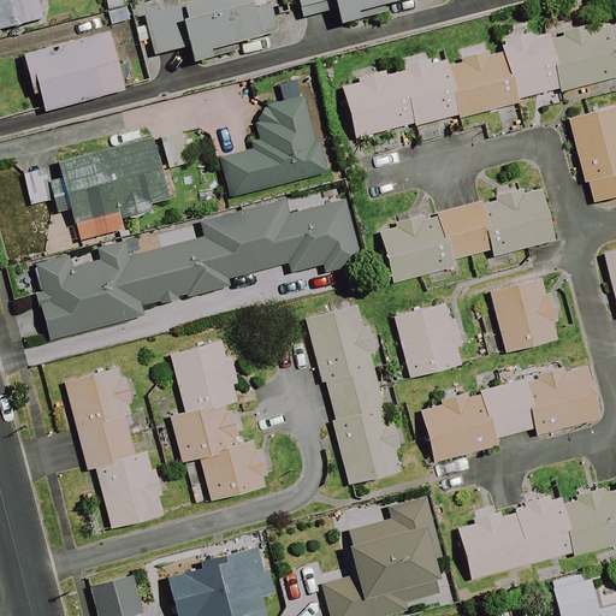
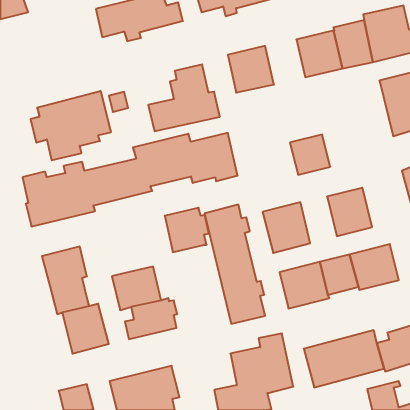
building: [28,32,125,111] -> none
building: [398,59,458,126] -> none
building: [484,185,555,255] -> none
building: [378,213,450,284] -> none
building: [172,343,238,409] -> [165,208,209,252]

